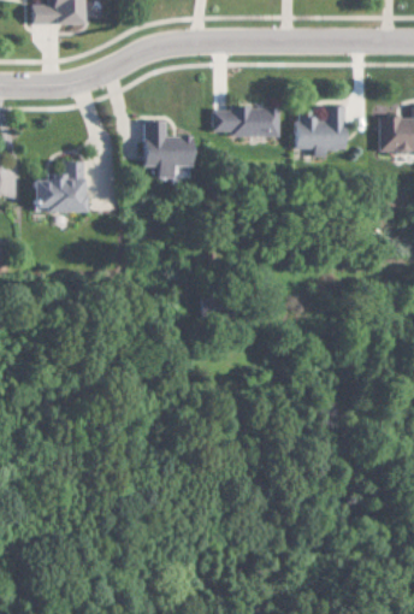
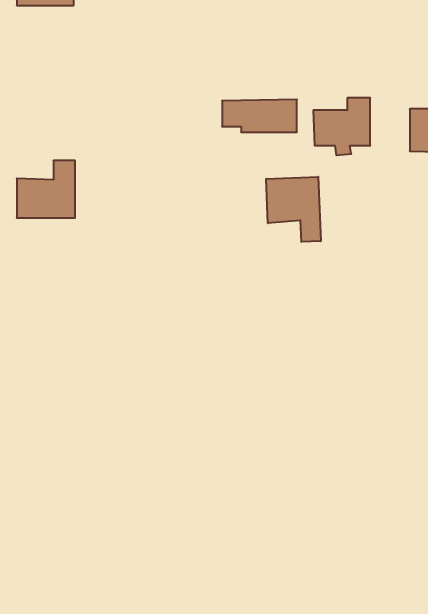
building: [146,122,193,177] -> none
building: none -> [266,177,321,242]

